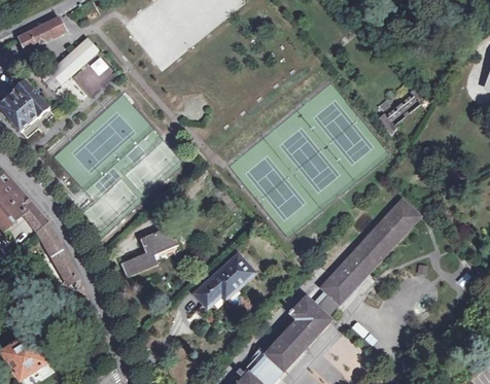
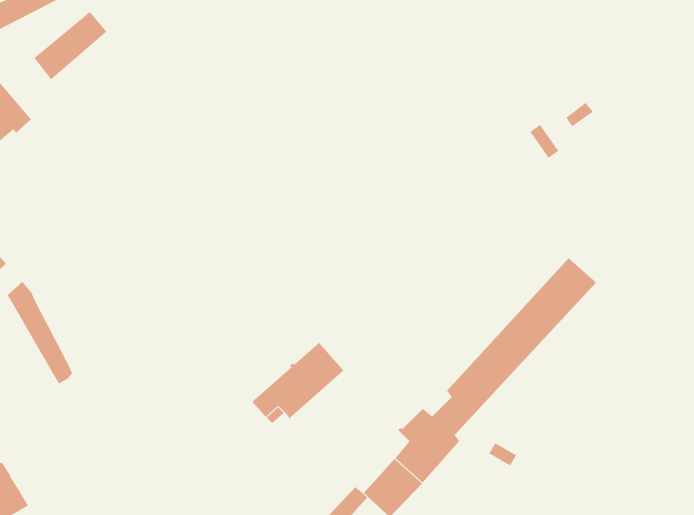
building: [72,55,114,97] -> none
building: [119,226,177,278] -> none

